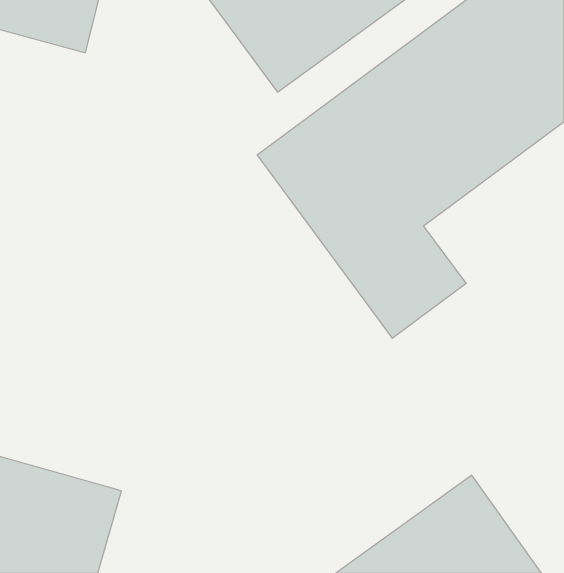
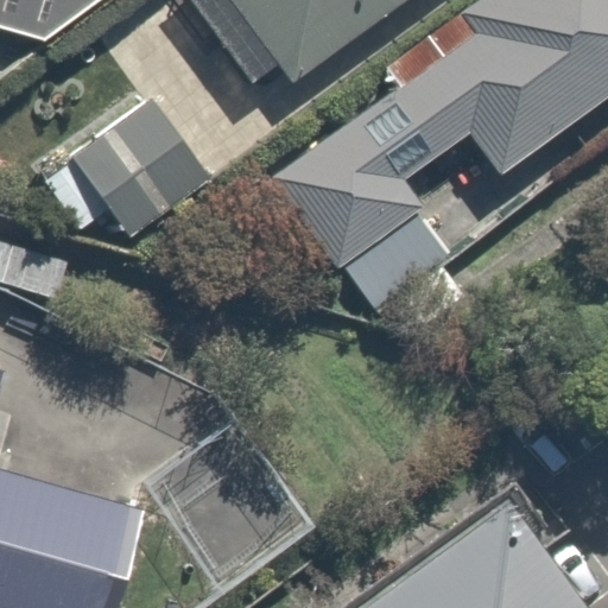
building: none -> [51,87,218,254]

